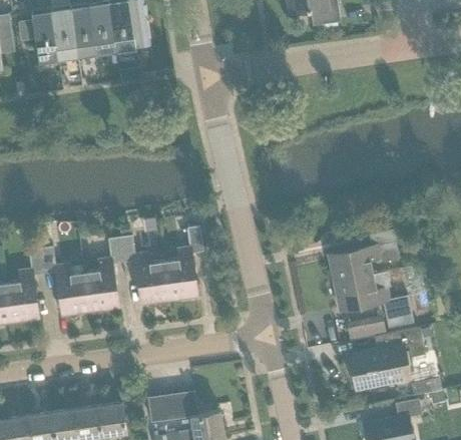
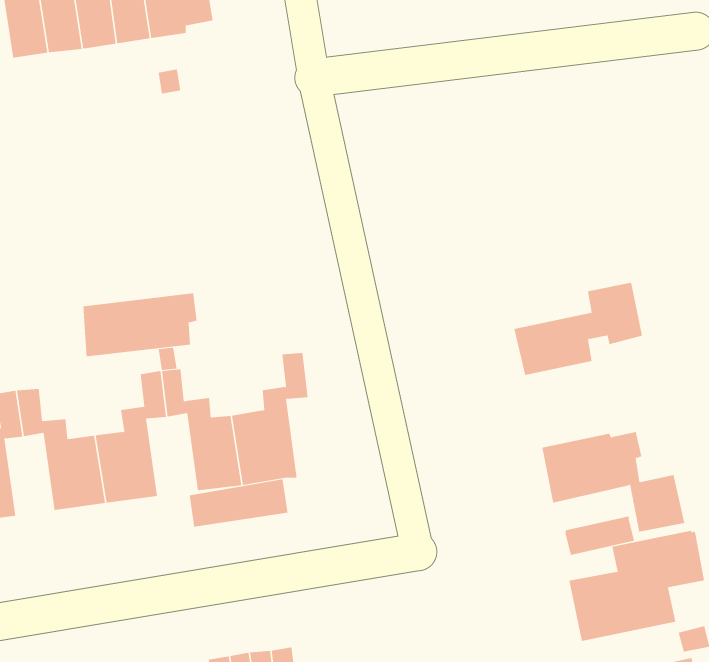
building: none -> [83,292,197,357]
building: [328,229,400,281] -> [514,282,643,375]
building: none -> [189,479,288,528]

